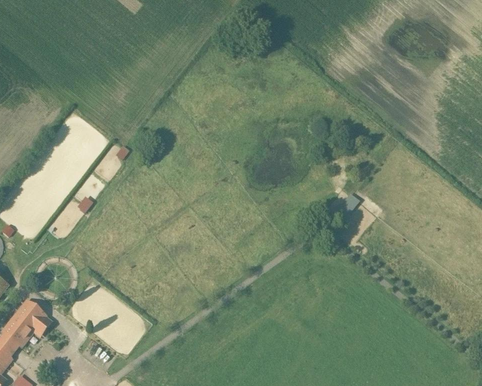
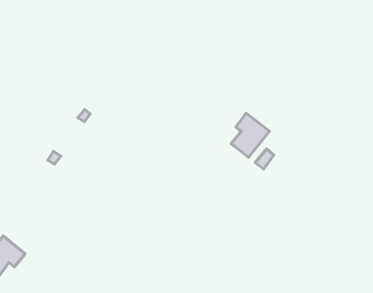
building: none -> [231,113,270,158]

